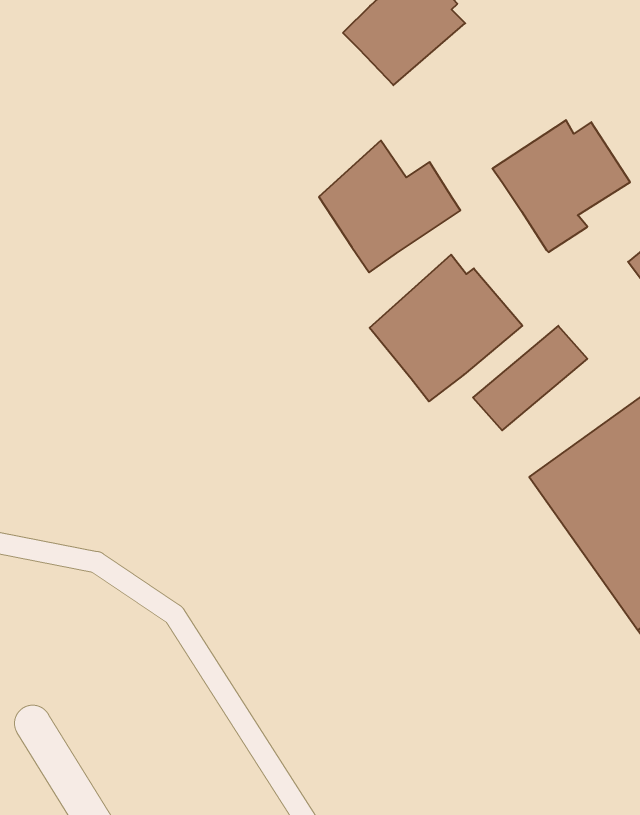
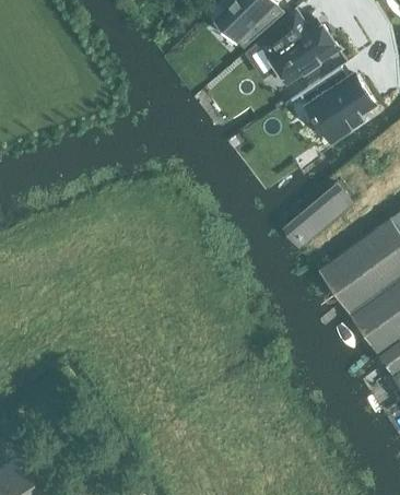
building: [319,141,460,272] -> [260,10,340,84]
building: [370,255,522,401] -> none

